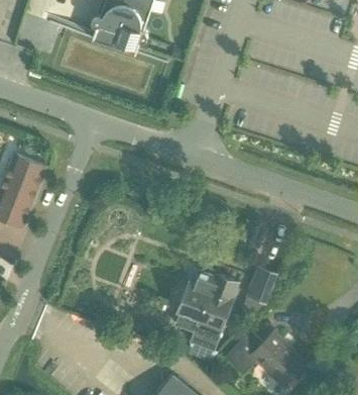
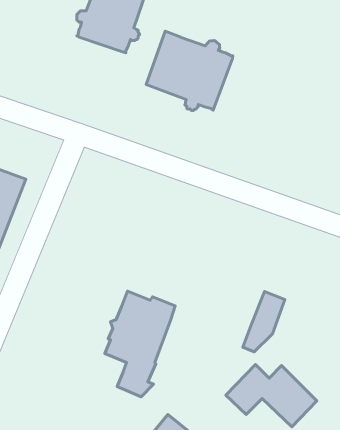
building: none -> [146,31,233,111]
building: [173,268,236,362] -> [105,291,175,397]

